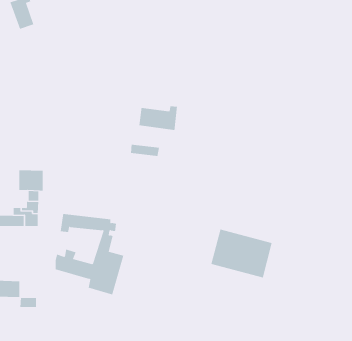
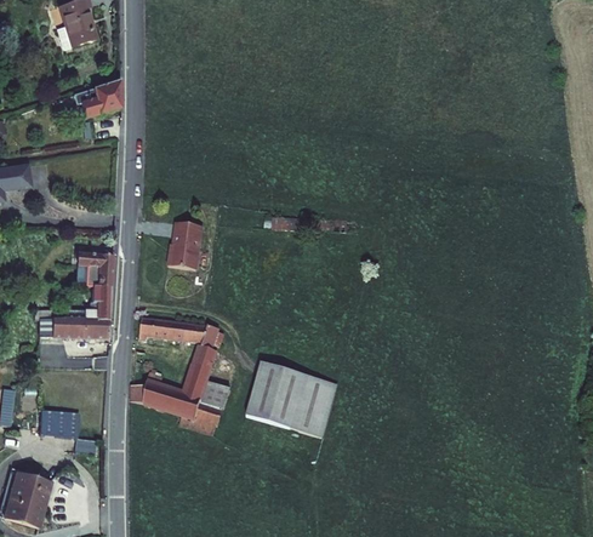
building: none -> [72,80,112,116]
building: [139,106,178,131] -> none
building: none -> [170,223,201,269]
building: [211,229,273,278] -> [245,364,336,436]

